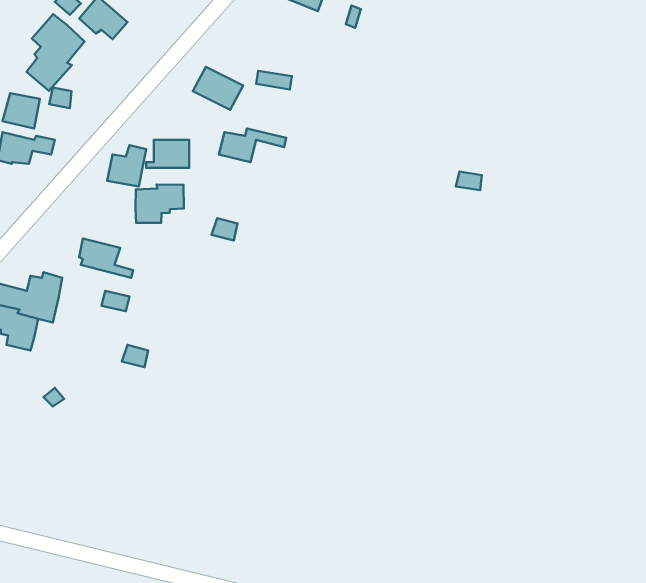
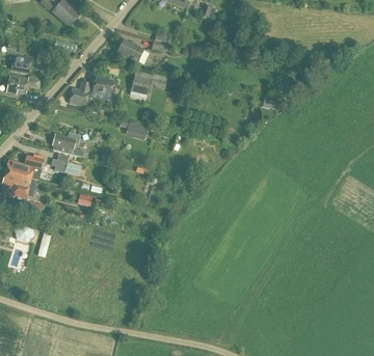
building: [26,14,85,91] -> none
building: [135,184,184,223] -> none

